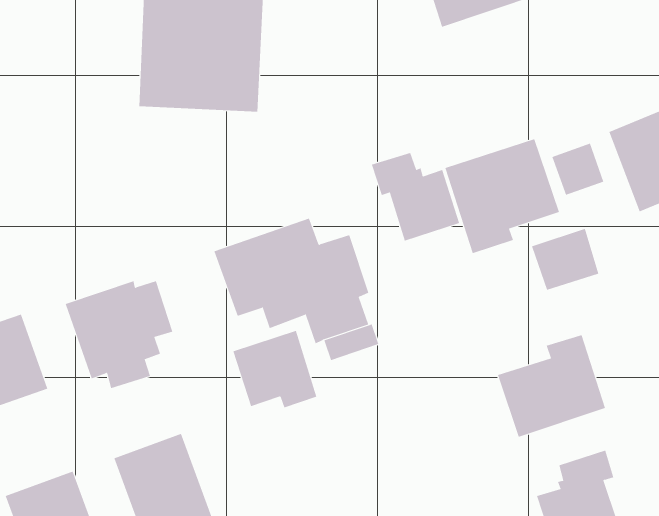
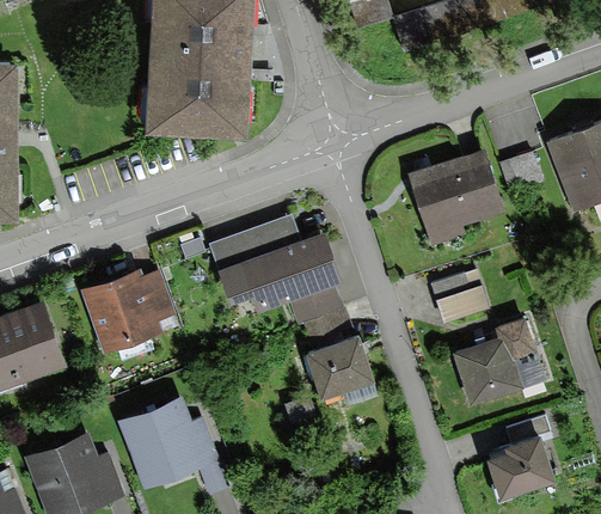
building: [371,152,460,241] -> none
building: [531,228,599,291] -> [430,270,489,324]
building: [232,330,317,408] -> [303,332,376,399]

